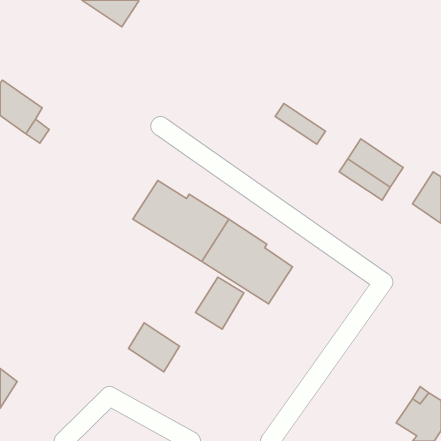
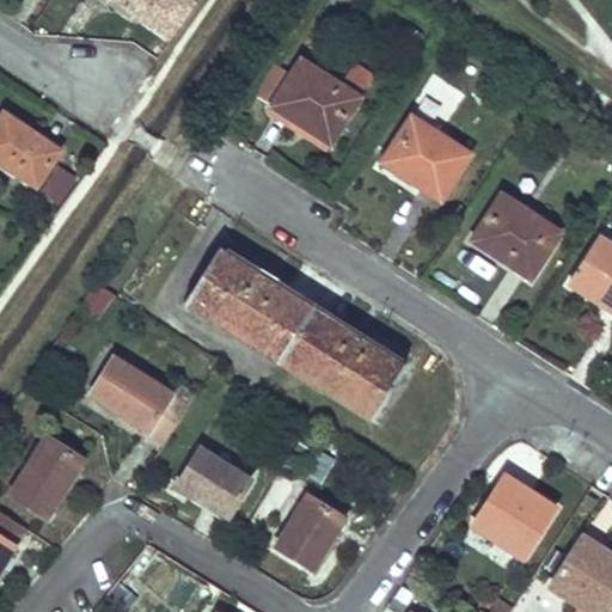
building: none -> [270,59,357,142]
building: none -> [393,115,470,182]
building: none -> [88,356,172,432]
building: [195,277,244,329] -> [276,495,343,567]
building: none -> [12,434,85,515]
building: none -> [471,475,553,555]

